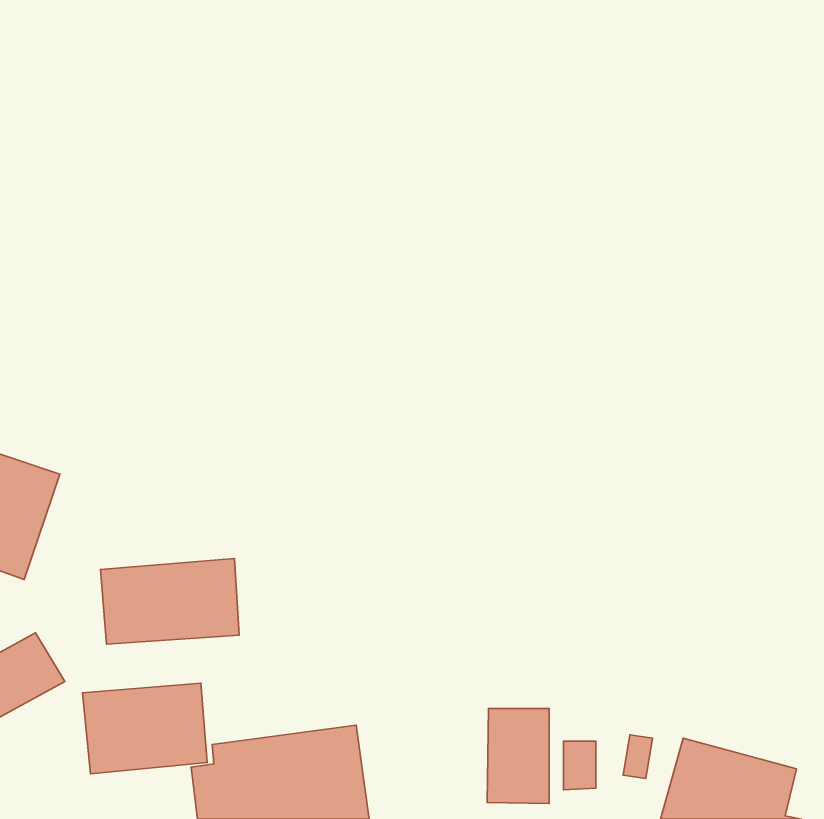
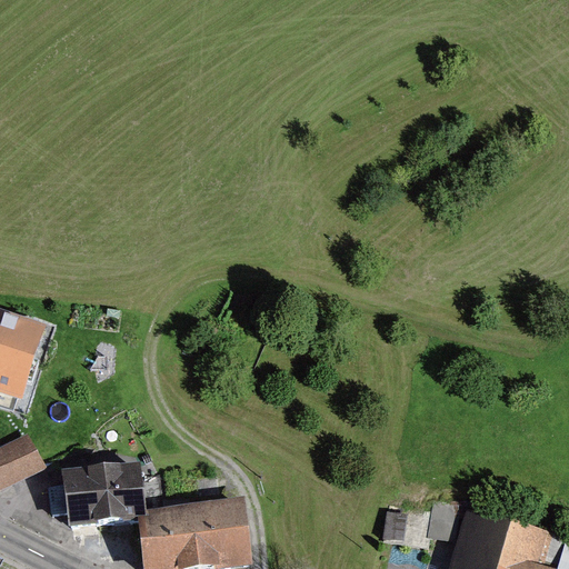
building: [100,559,239,644] -> none
building: [487,709,549,804] -> none

